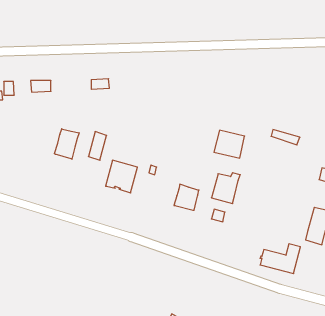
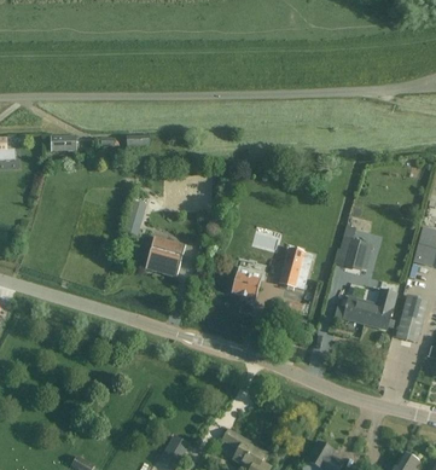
building: [54,129,79,159] -> none
building: [214,130,245,158] -> [335,237,373,272]
building: [260,244,300,274] -> [344,290,395,327]

